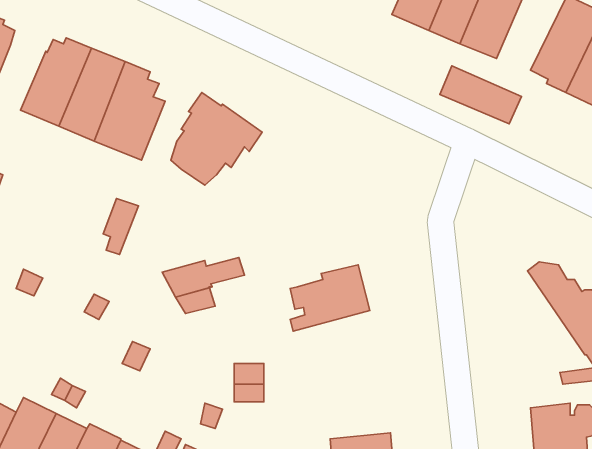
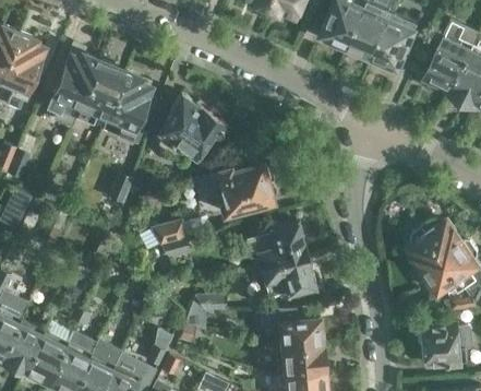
building: [440,66,521,124] -> none
building: none -> [195,165,278,214]
building: none -> [410,226,465,294]
building: none -> [249,256,314,296]
building: none -> [274,319,321,351]

